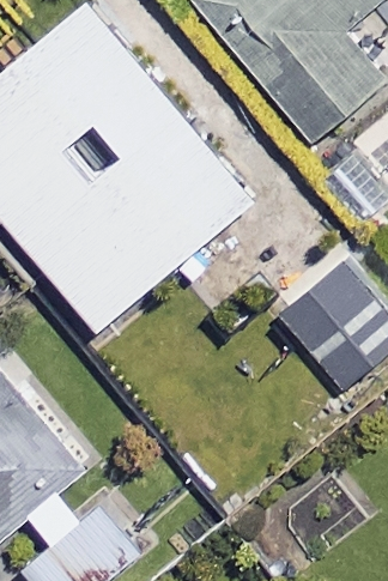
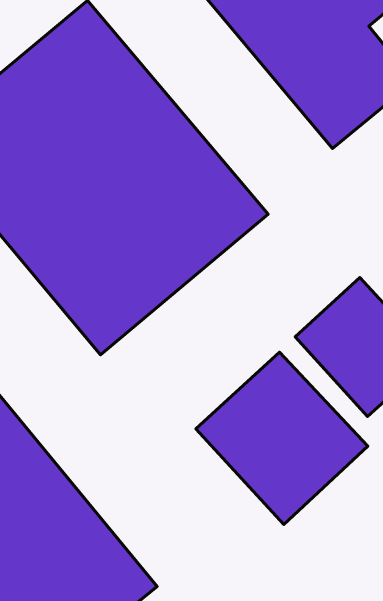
building: none -> [196,352,368,524]

